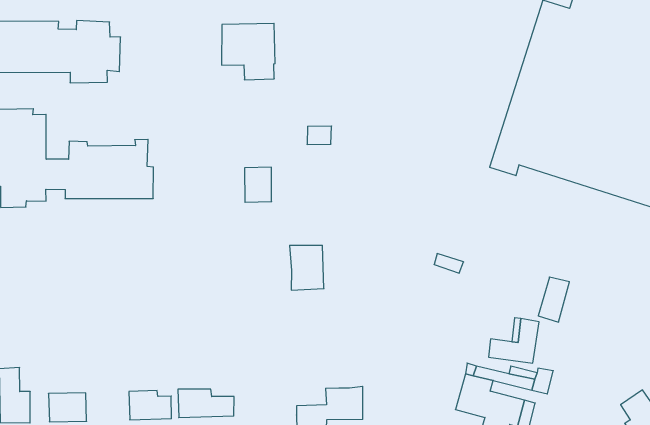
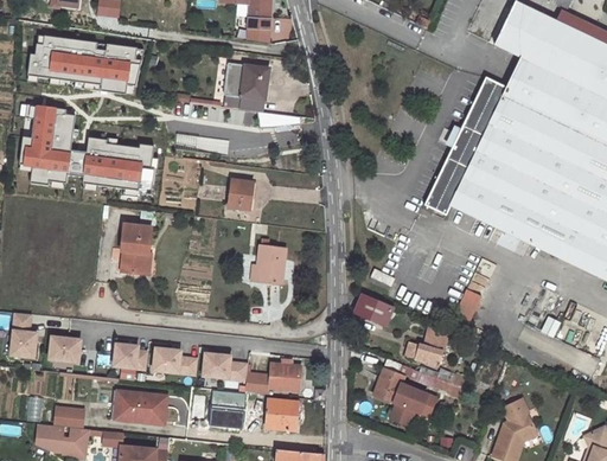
building: none -> [121,223,151,273]
building: none -> [353,294,391,326]
building: none -> [202,353,248,380]

